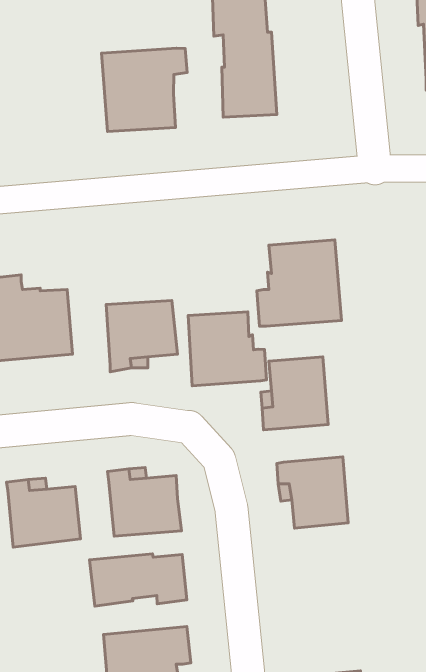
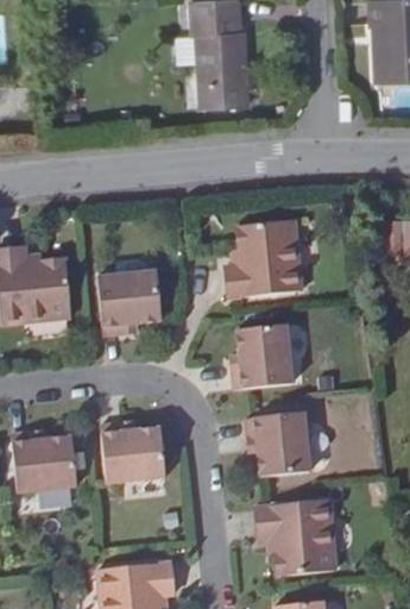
building: [101,48,187,132] -> none
building: [188,312,266,386] -> none
building: [90,554,187,606] -> none
building: none -> [256,500,335,573]

